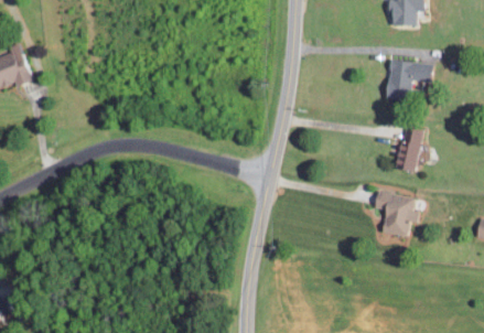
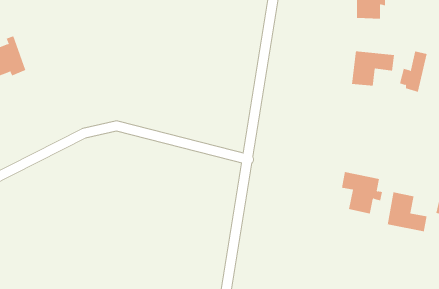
building: [394,127,424,172] -> [399,51,428,93]
building: none -> [387,191,427,232]

